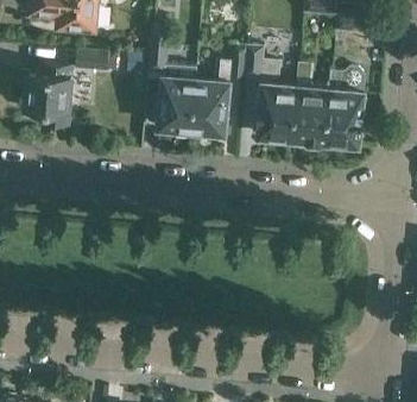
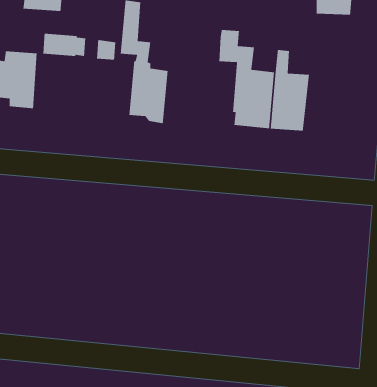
building: [191,52,245,138] -> none
building: [324,68,366,147] -> none

